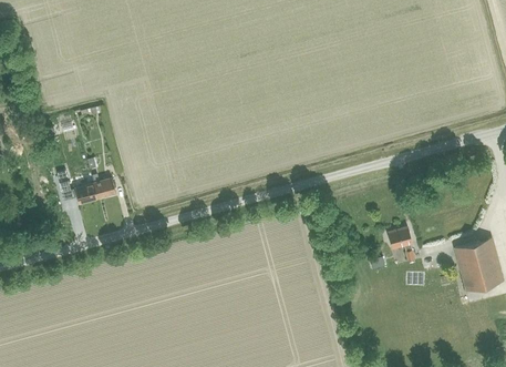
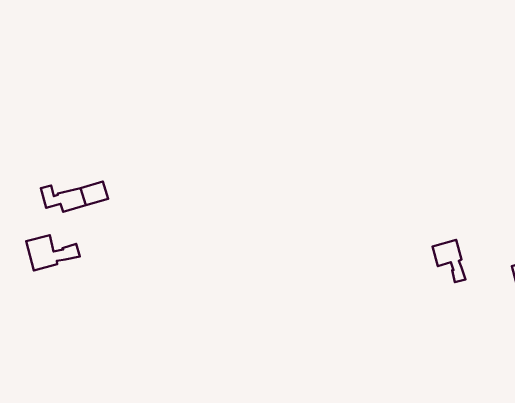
building: none -> [26,235,80,271]

